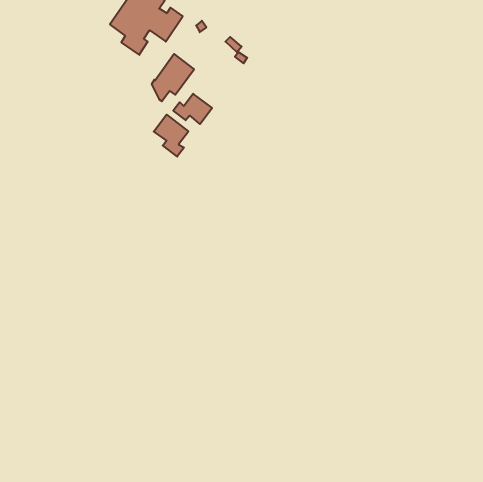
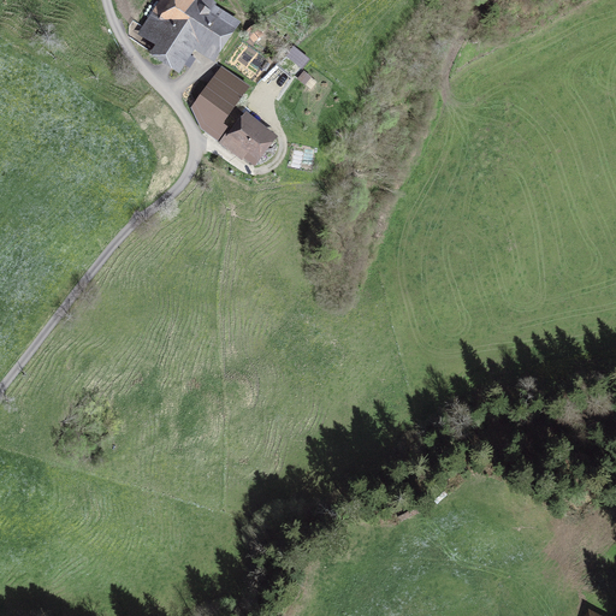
building: [154,115,188,157] -> none

